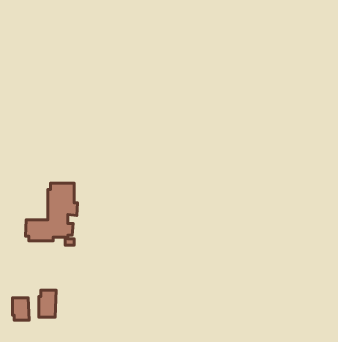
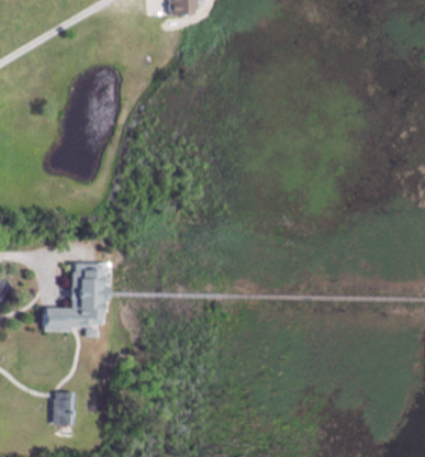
building: [12,298,29,320] -> none

